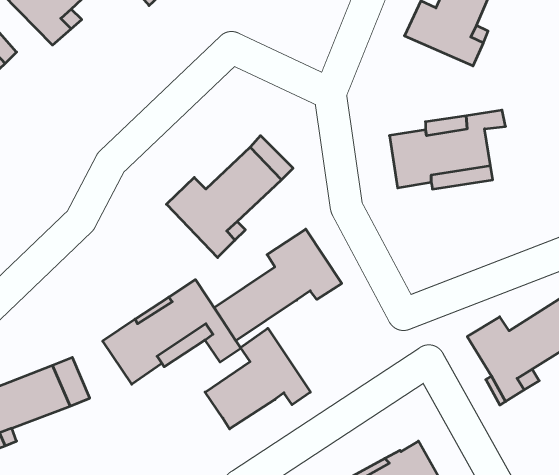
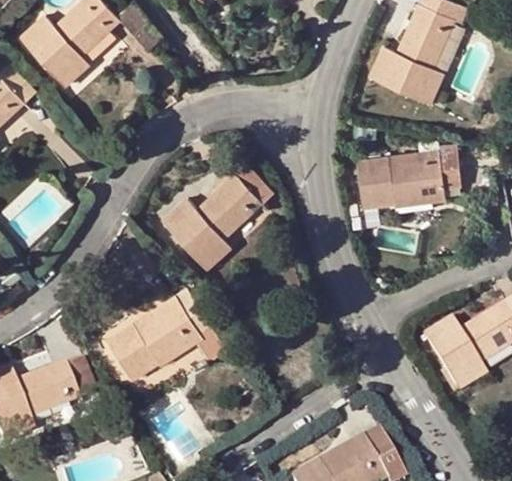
building: [214,229,342,341] -> none
building: [205,328,310,429] -> none

